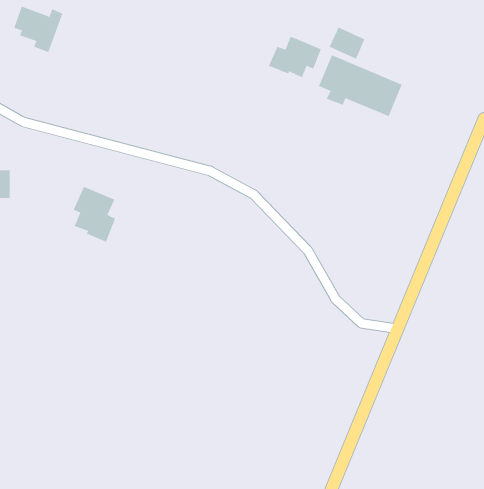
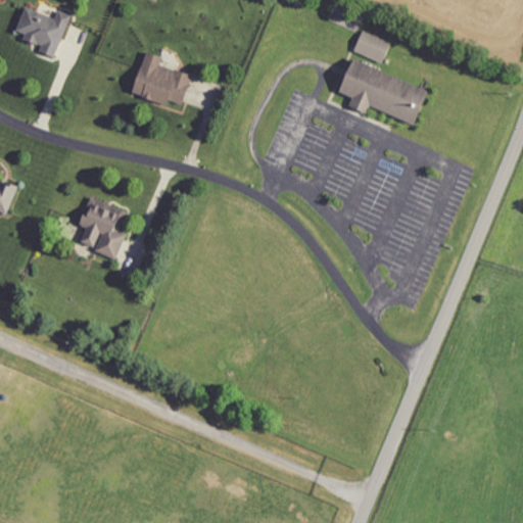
building: [268,36,322,78] -> none
building: none -> [132,51,190,104]

